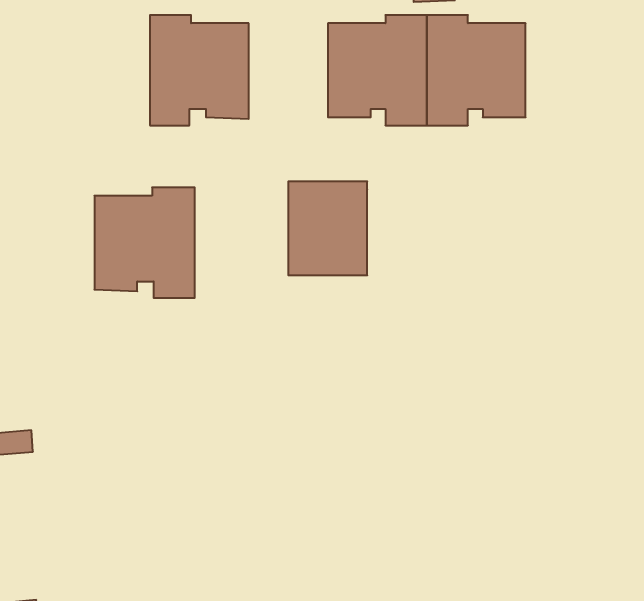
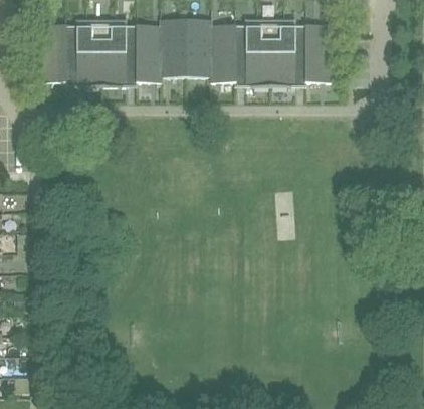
building: [288,181,367,275] -> [161,19,209,76]
building: [94,187,195,298] -> [39,19,100,86]

